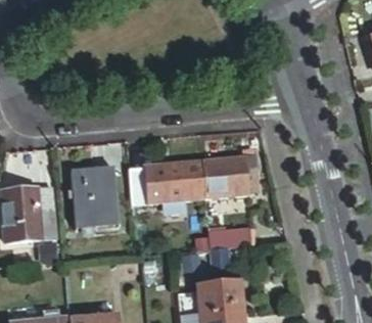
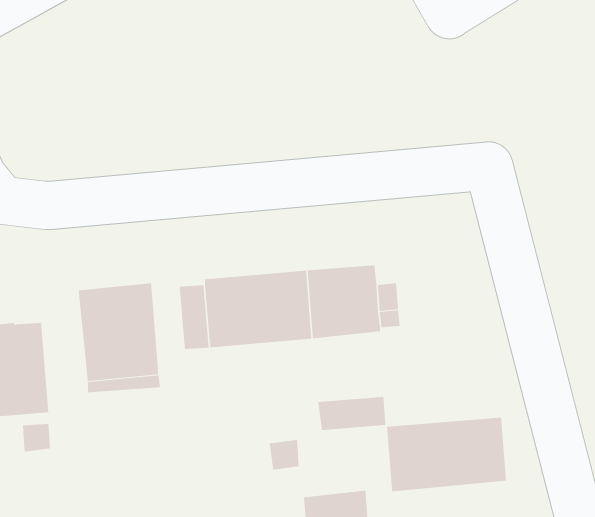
building: none -> [387,417,507,492]

